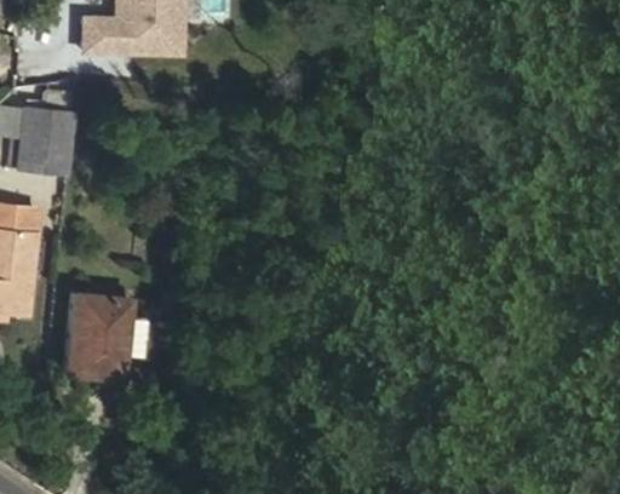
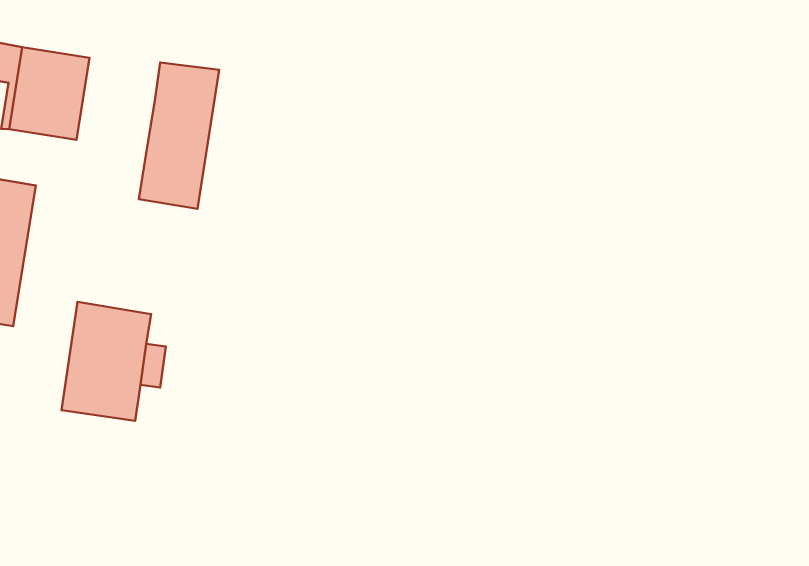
building: none -> [139,63,219,209]

